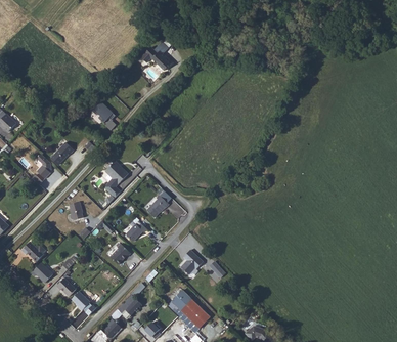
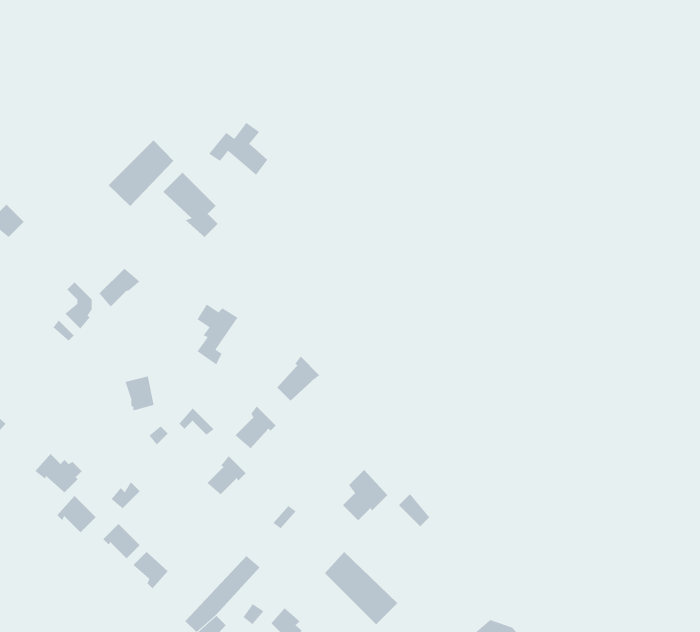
building: [138,42,169,70] -> [208,122,268,176]
building: none -> [108,139,174,207]

